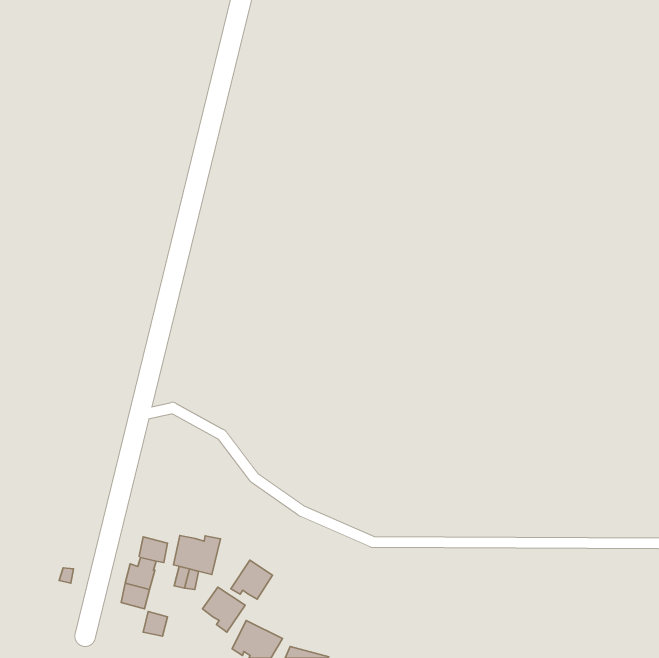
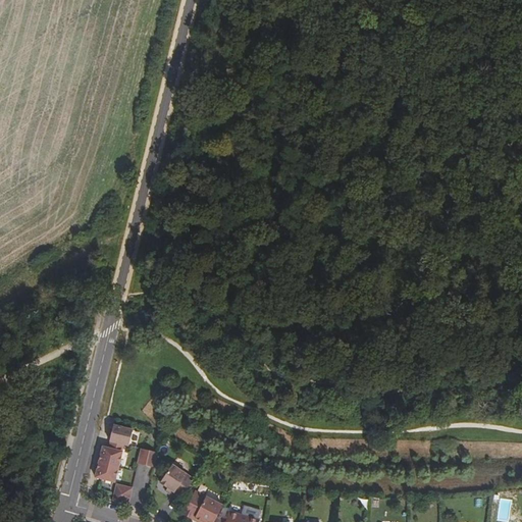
building: [173,535,221,575] -> none
building: [231,560,272,599] -> none

